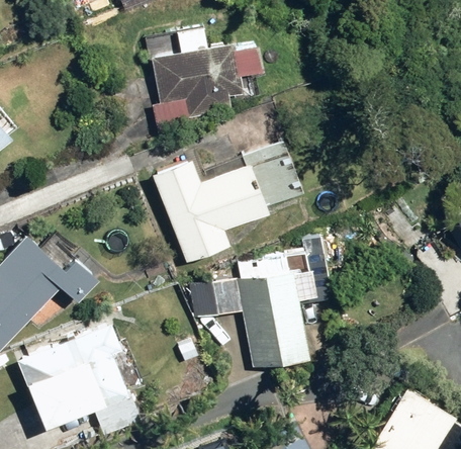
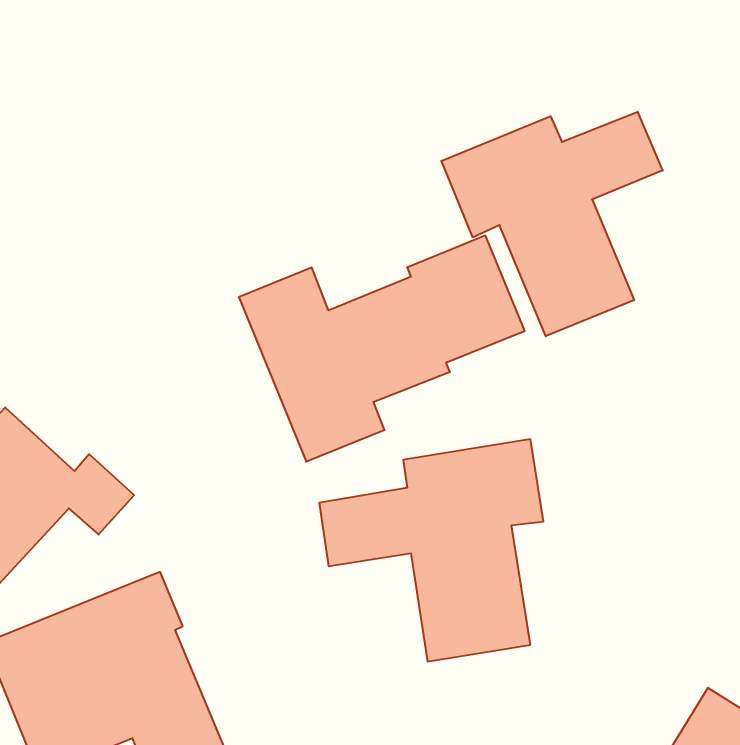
building: [146,25,264,138] -> none
building: none -> [441,112,663,336]

